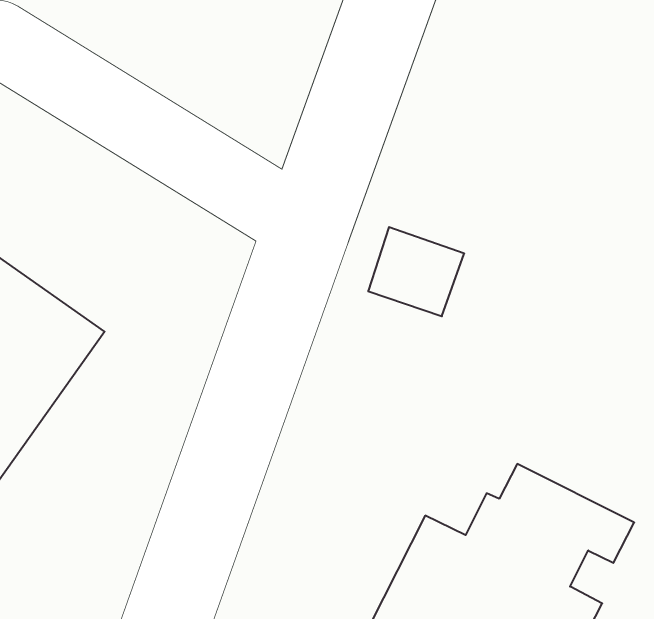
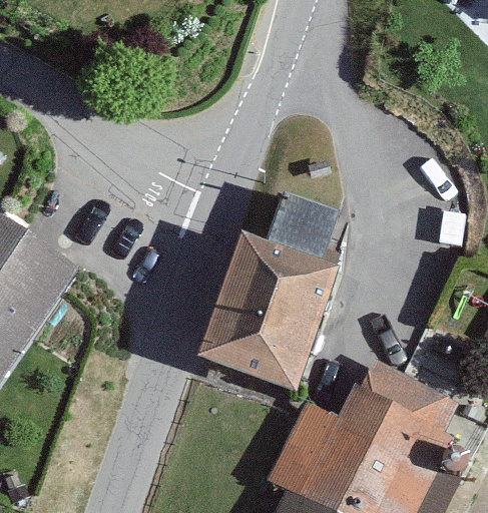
building: none -> [200,238,339,395]

